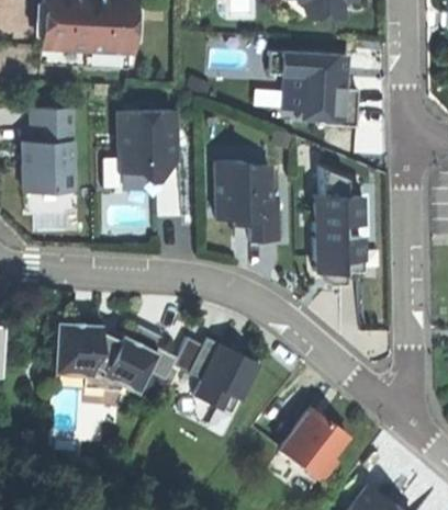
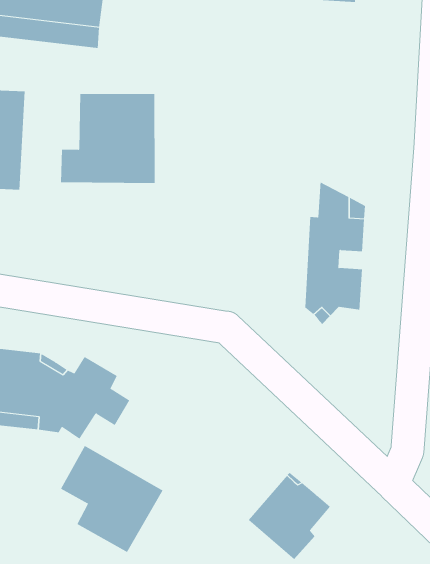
building: [270,53,358,126] -> none
building: [215,160,279,240] -> none
building: [177,327,262,413] -> [60,445,163,553]

